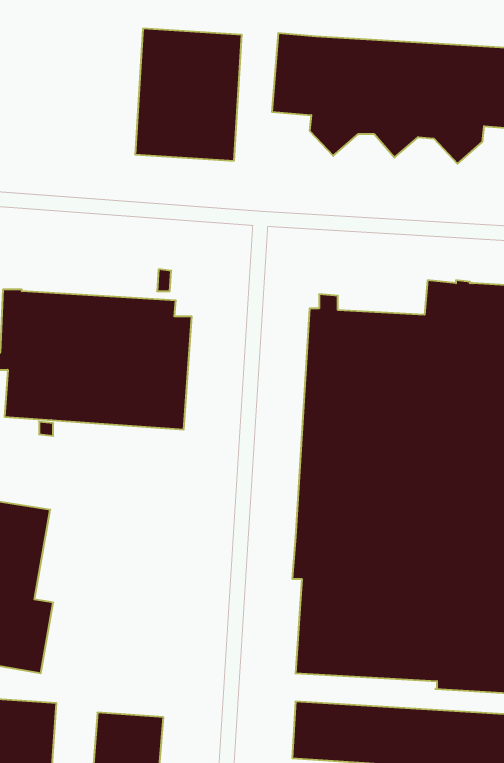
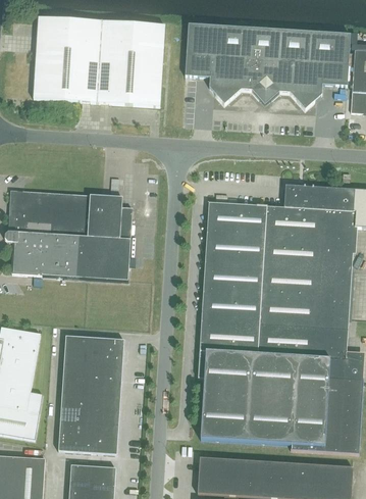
building: none -> [33,16,101,102]
building: none -> [58,336,122,454]

